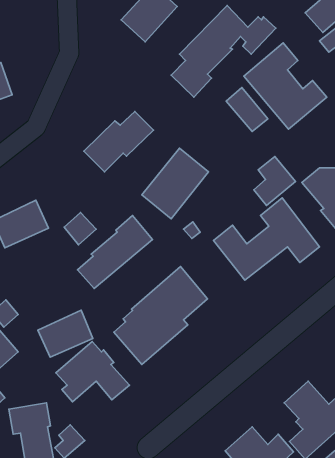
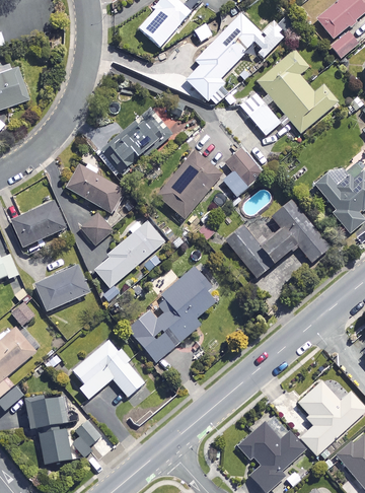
building: [254,156,295,205] -> [222,148,263,196]
building: none -> [68,161,123,212]
building: [38,310,93,357] -> [35,265,89,310]

